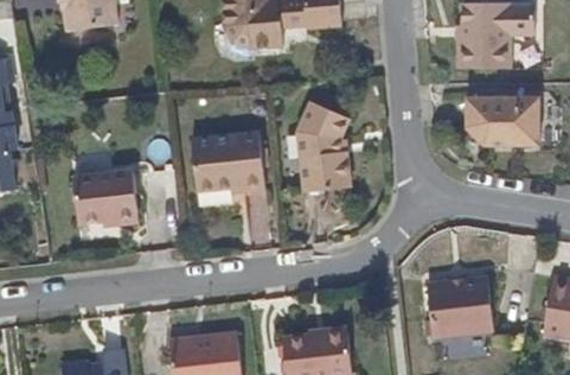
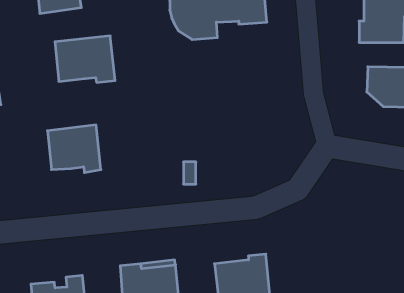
building: [297,100,352,191] -> none
building: [197,133,270,190] -> [55,36,115,82]
building: [422,277,491,339] -> none

